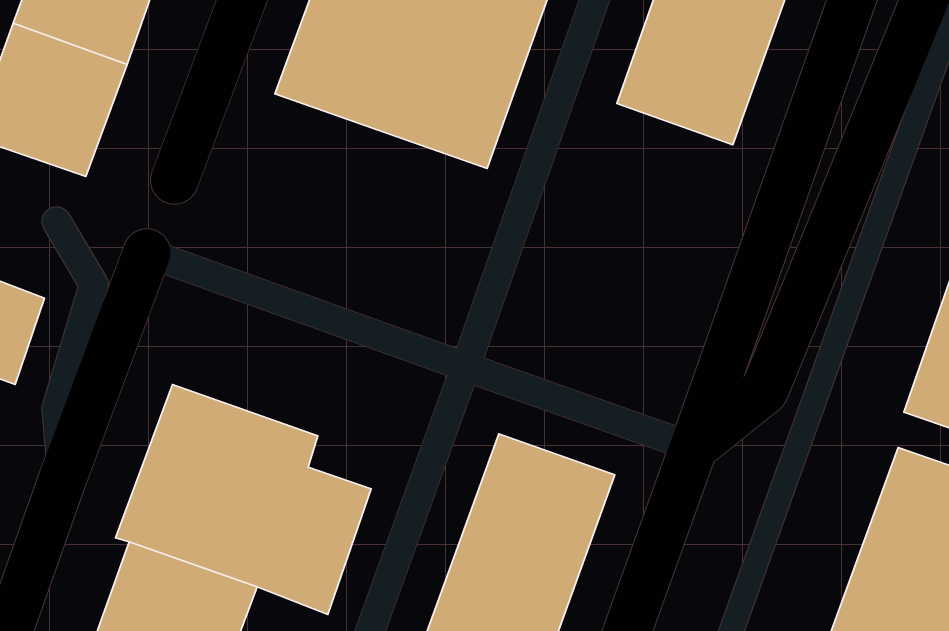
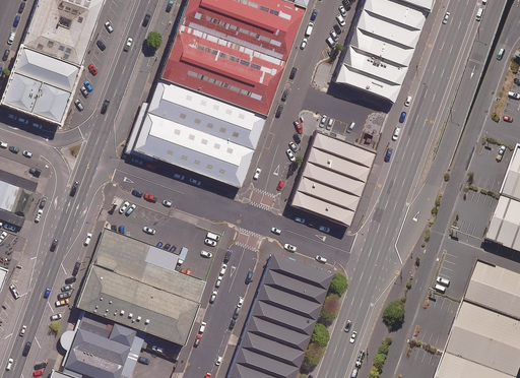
building: none -> [132,77,267,188]
building: none -> [290,128,377,225]

